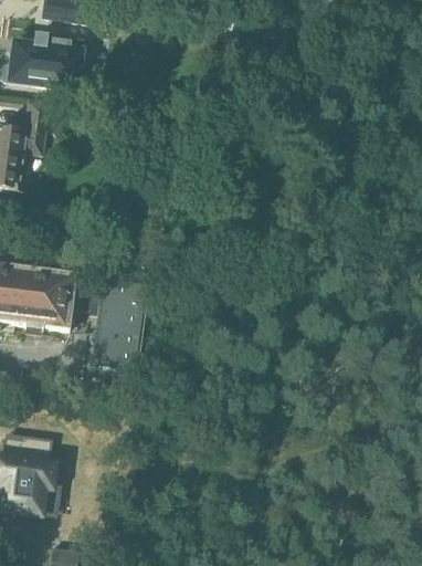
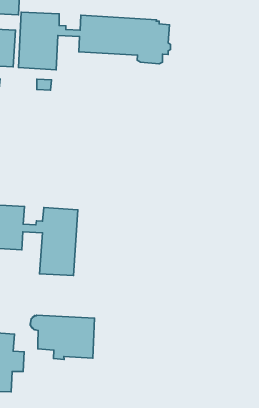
building: none -> [18,12,171,70]
building: none -> [30,315,94,359]

